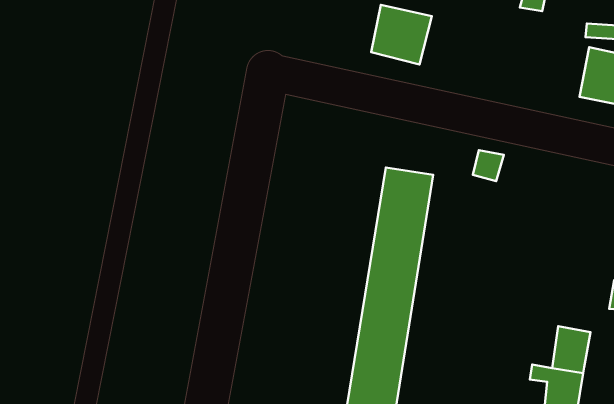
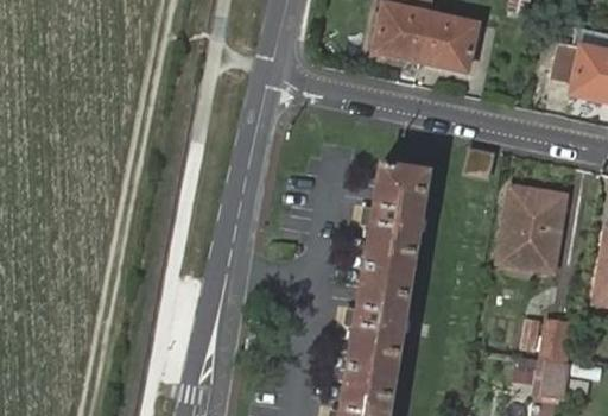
building: none -> [413,19,470,76]
building: none -> [500,187,564,267]

